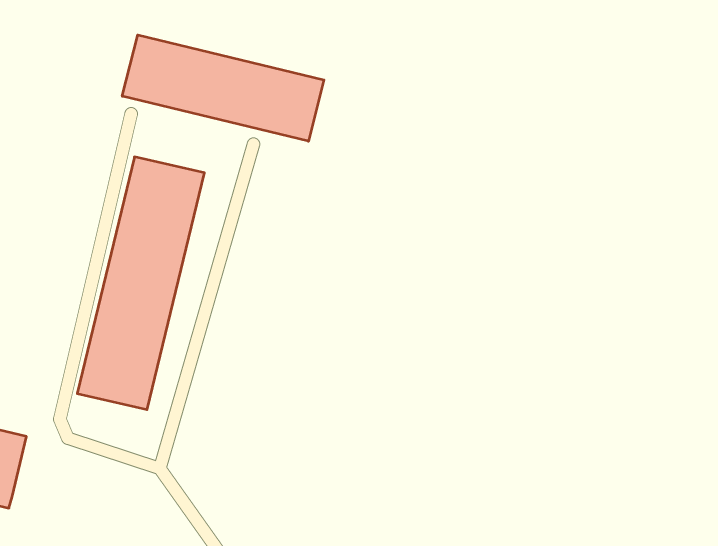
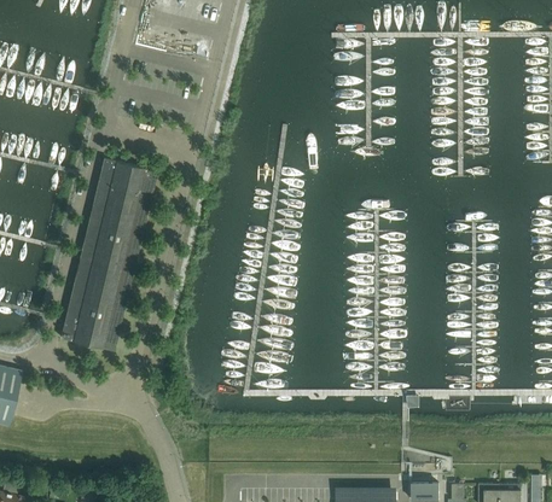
building: [122,35,324,141] -> none

